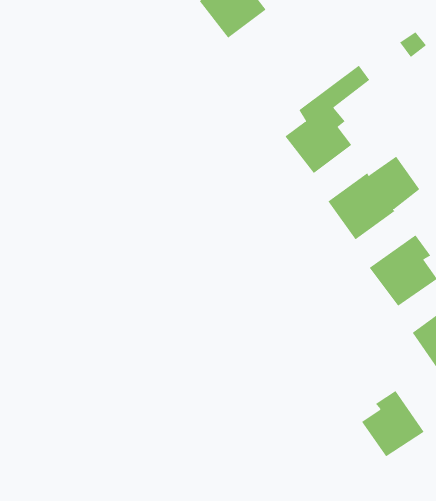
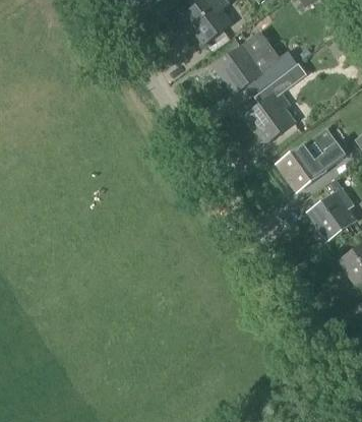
building: none -> [214,29,296,94]
building: [361,390,424,457] -> none

